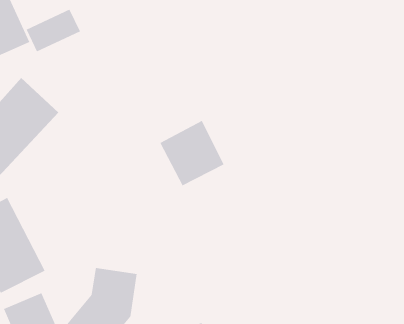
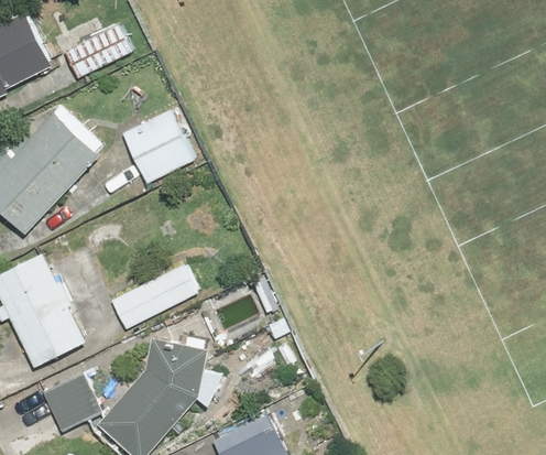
building: [160,120,225,186] -> [121,106,200,186]
building: none -> [107,261,200,333]

